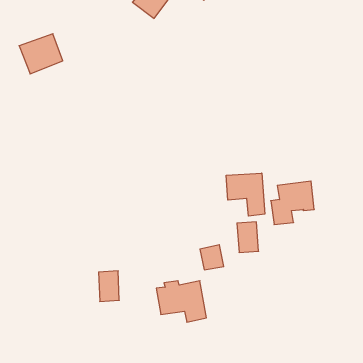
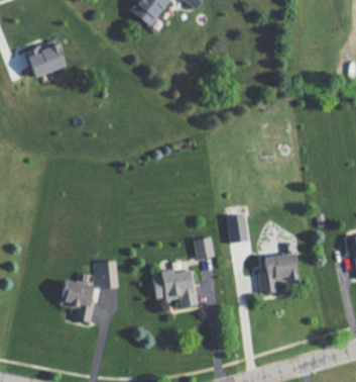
building: [226,173,265,216] -> none
building: [271,181,314,225] -> [257,253,298,293]
building: none -> [60,279,95,321]

